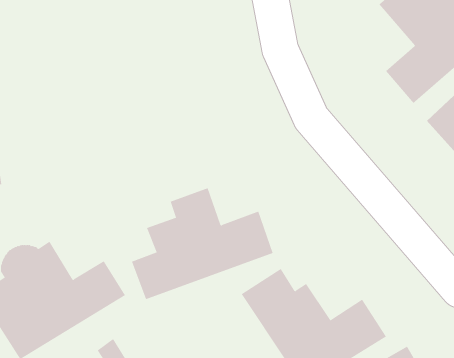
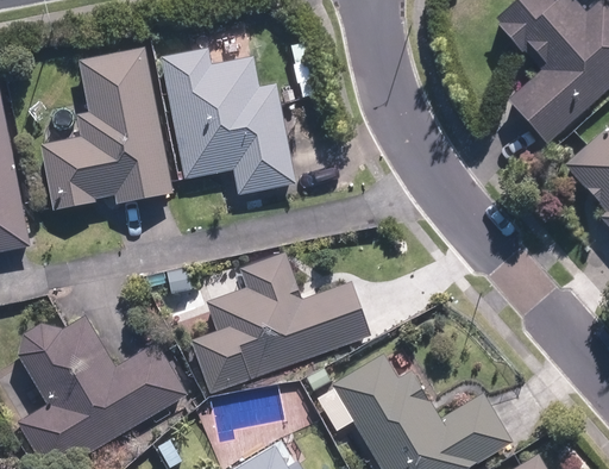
building: none -> [42,49,176,217]
building: none -> [163,49,299,199]

